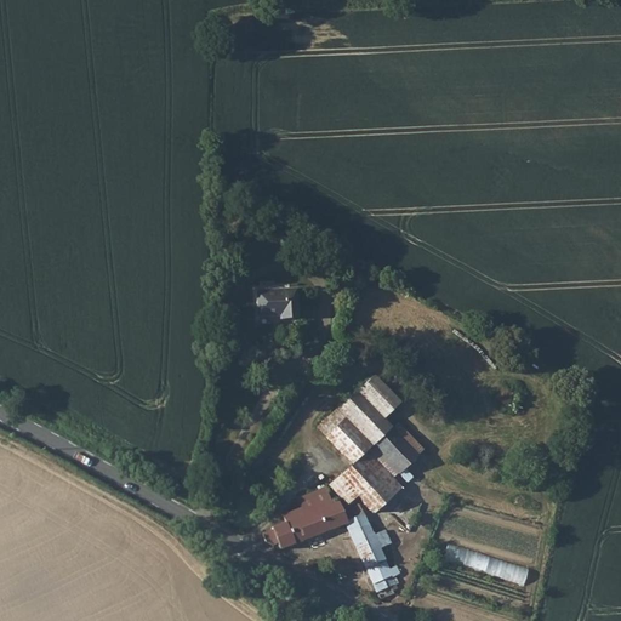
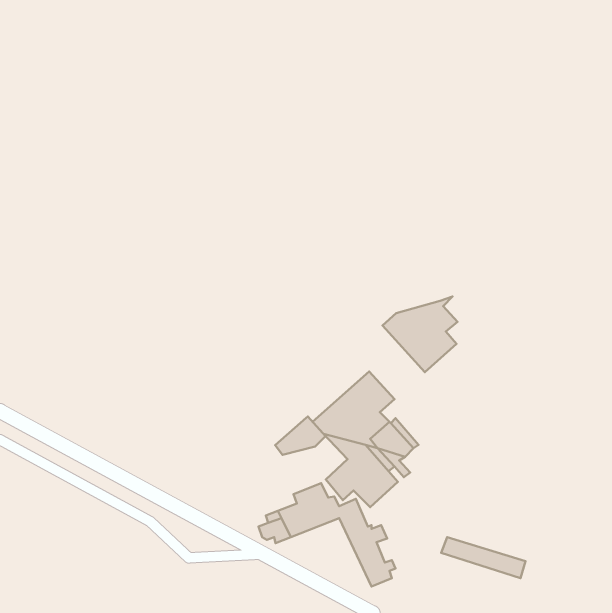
building: [257,287,298,317] -> none
building: none -> [383,297,458,372]
building: none -> [275,417,325,455]

